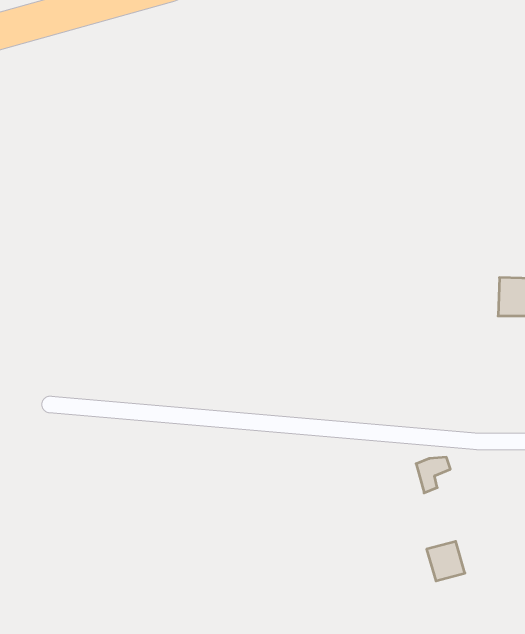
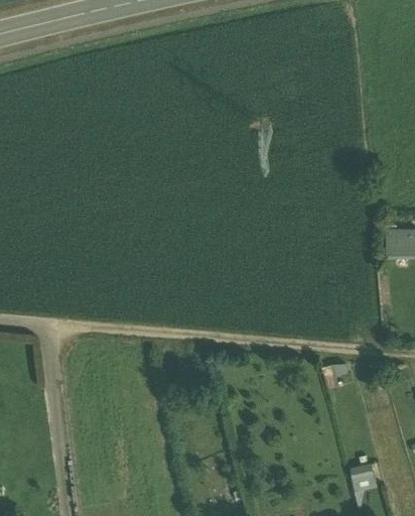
building: [427,541,465,581] -> [349,464,378,494]

